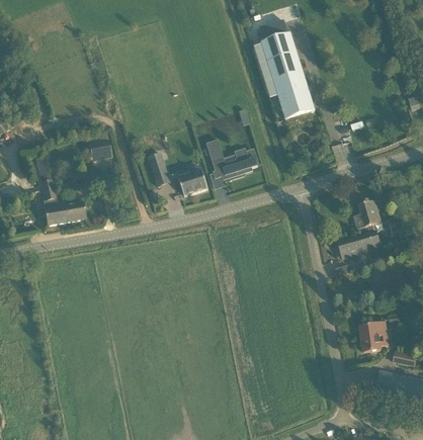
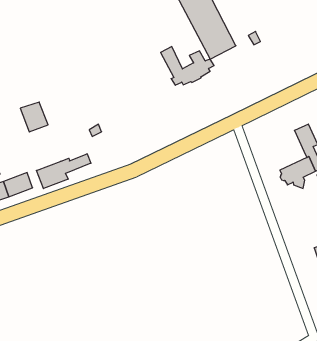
building: [205,139,257,179] -> [161,47,214,85]
building: [178,165,206,195] -> none
building: none -> [36,154,91,189]

